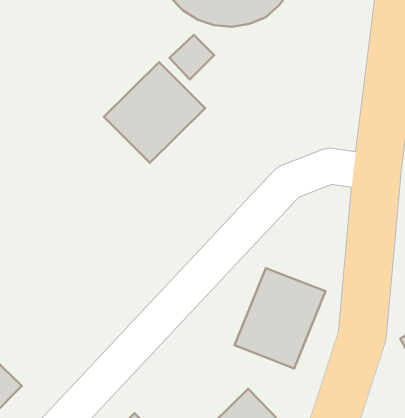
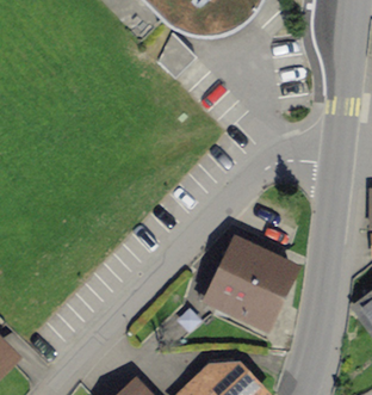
building: [104,62,205,163] -> none

